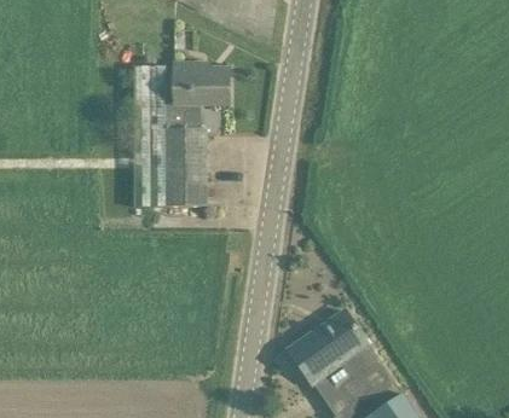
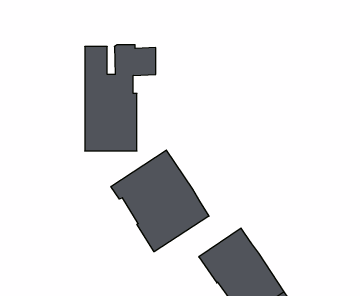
building: none -> [111,150,209,252]

